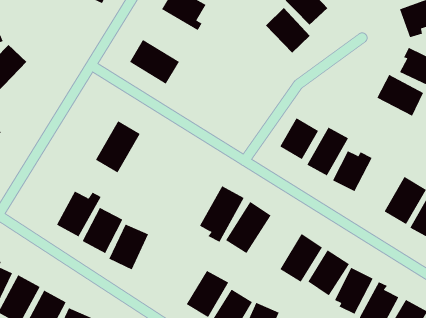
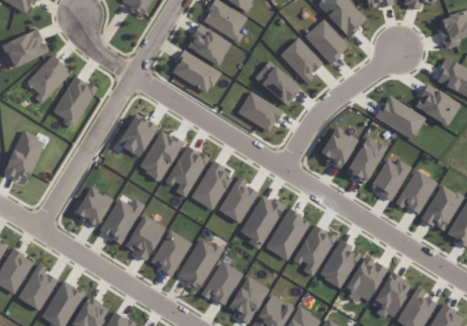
building: none -> [187,25,230,64]
building: none -> [279,36,323,82]
building: none -> [254,61,301,105]
building: none -> [53,75,96,128]
building: none -> [237,91,283,132]
building: none -> [375,95,426,139]
building: none -> [118,113,157,156]
building: none -> [165,144,208,197]
building: none -> [190,161,232,210]
building: none -> [395,169,437,214]
building: none -> [217,176,258,223]
building: none -> [74,186,112,227]
building: none -> [293,223,336,276]
building: none -> [176,238,223,290]
building: none -> [201,260,243,306]

